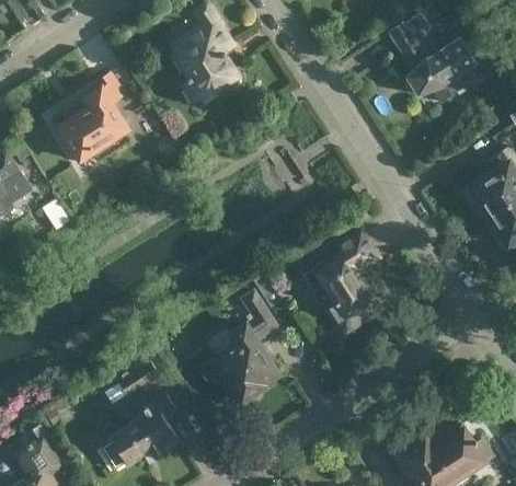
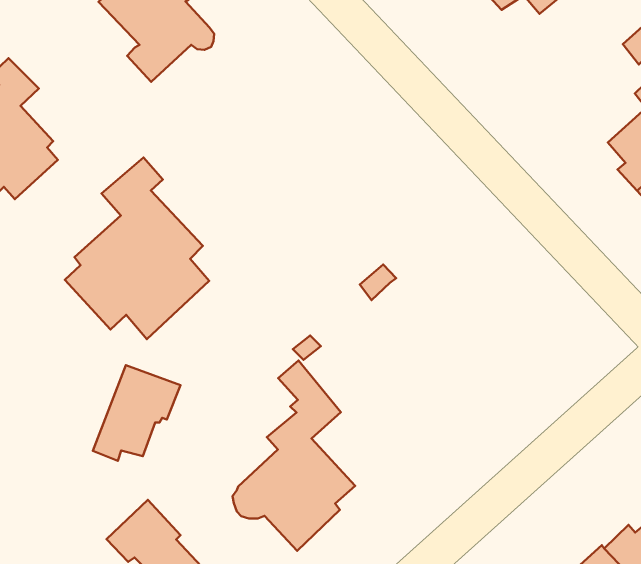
building: none -> [65,158,209,339]
building: [303,233,381,331] -> none
building: none -> [93,365,180,461]

